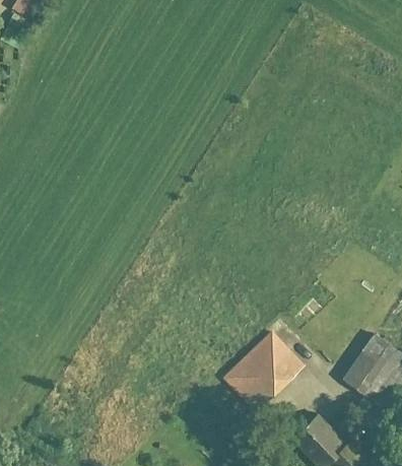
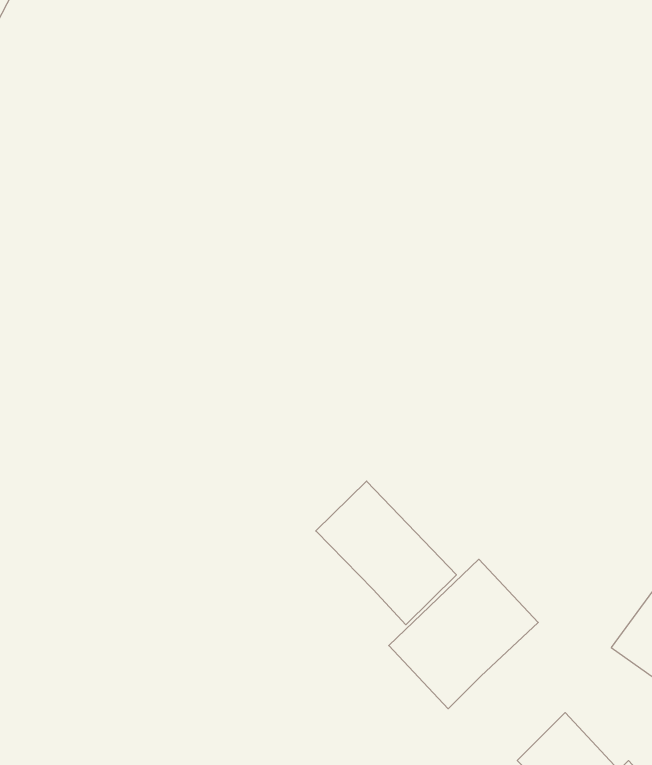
building: none -> [316,481,456,625]

